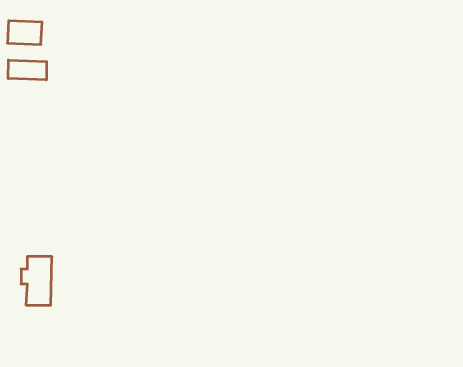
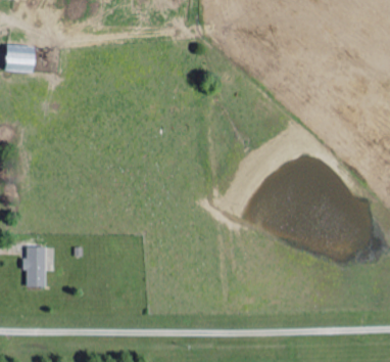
building: [8,60,47,80] -> none

